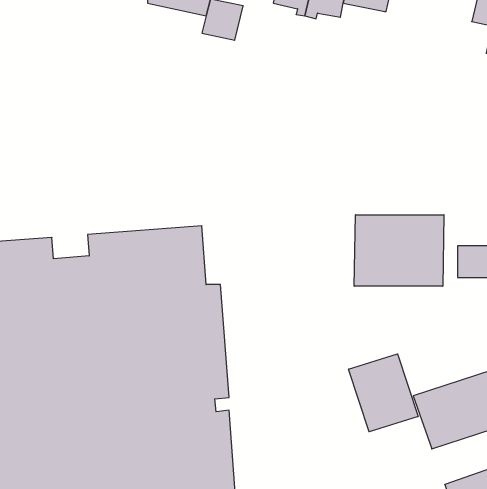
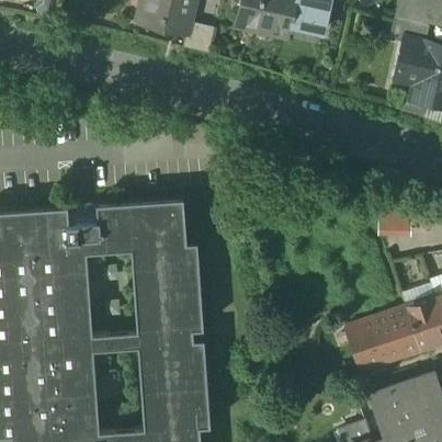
building: [354,215,444,286] -> none
building: [349,354,418,432] -> none

